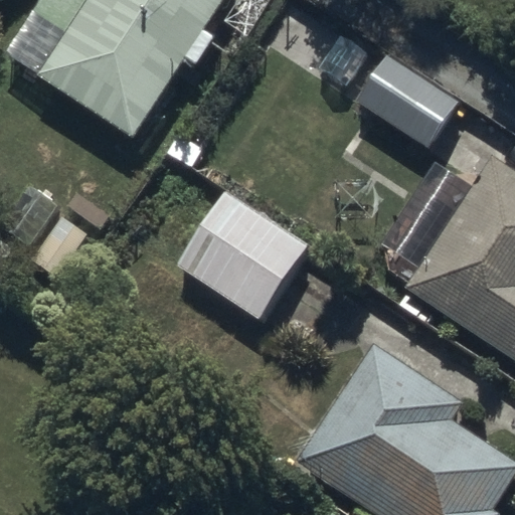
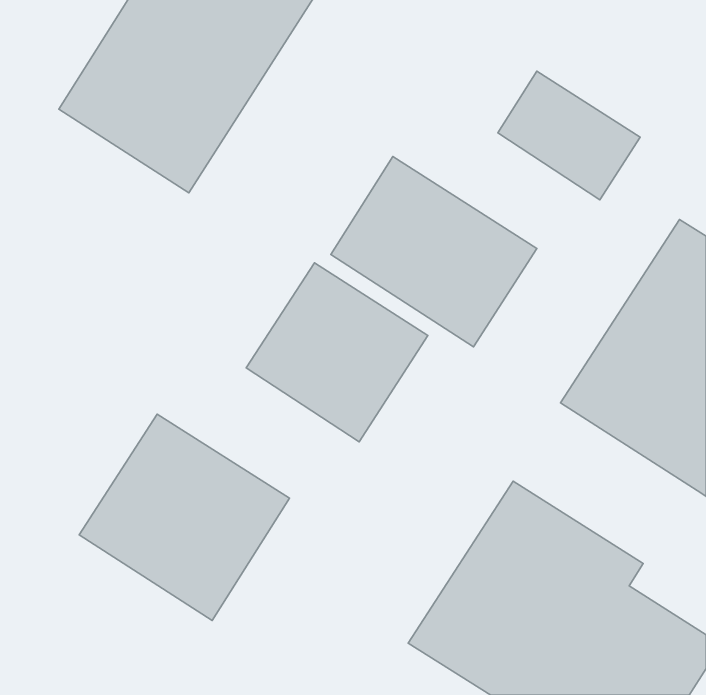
building: none -> [331,157,537,347]
building: none -> [79,414,289,620]

